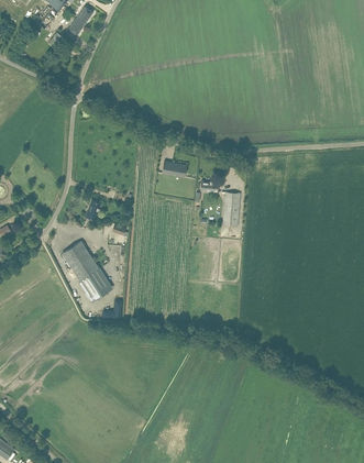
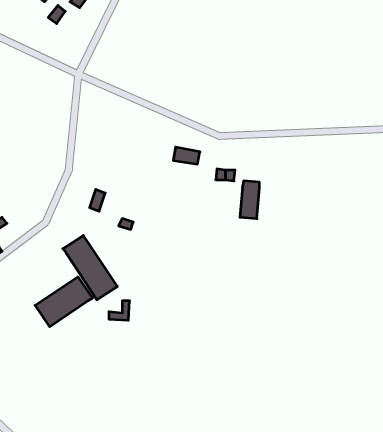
building: none -> [35,277,92,327]

